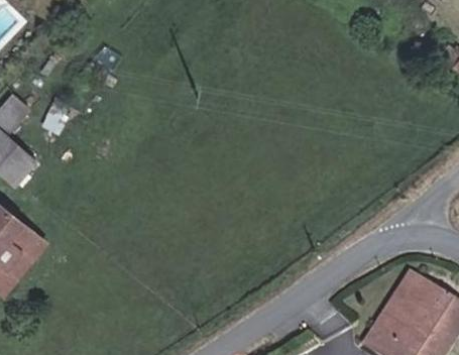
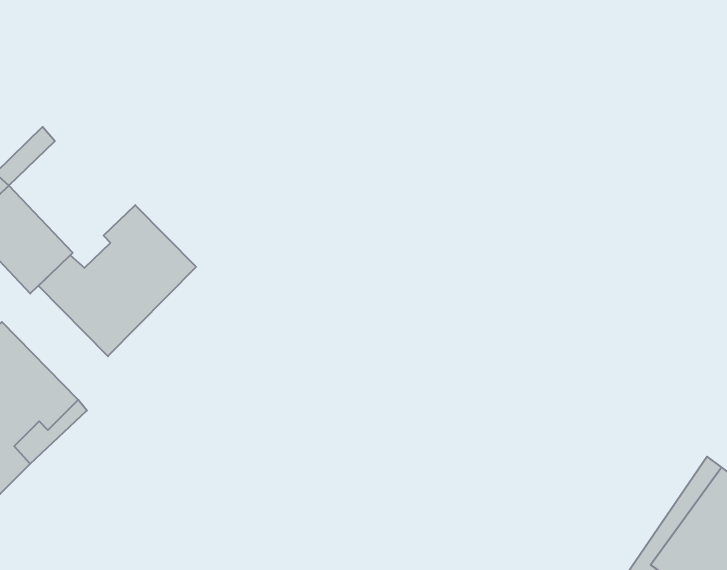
building: none -> [39,205,196,356]

